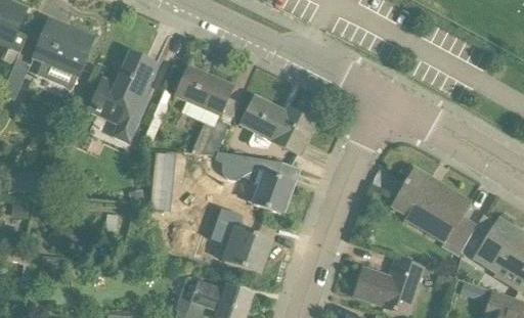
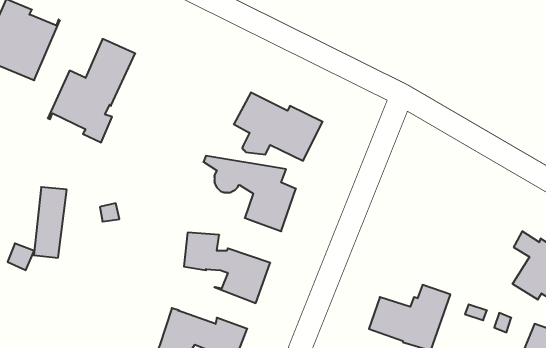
building: [176,65,234,154] -> none
building: [149,151,177,211] -> [34,187,67,258]
building: [393,167,478,251] -> none

